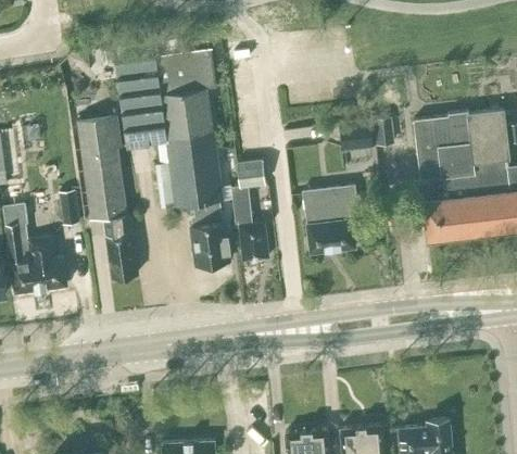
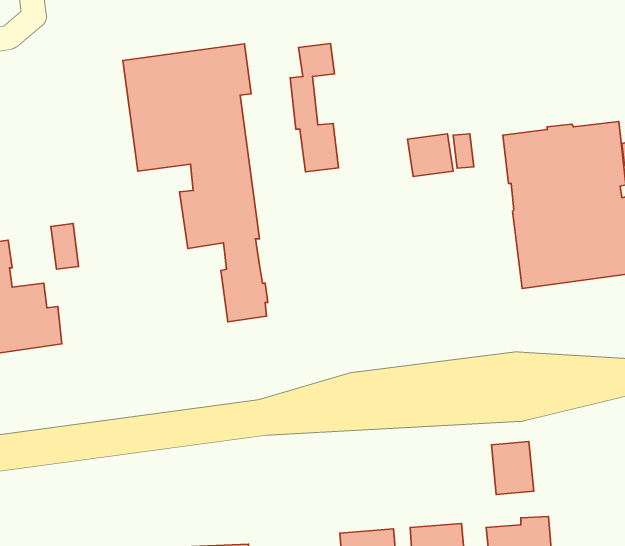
building: [78,117,137,280] -> none
building: [230,162,268,263] -> [290,43,339,172]
building: [302,186,357,255] -> none
building: none -> [491,442,534,495]

